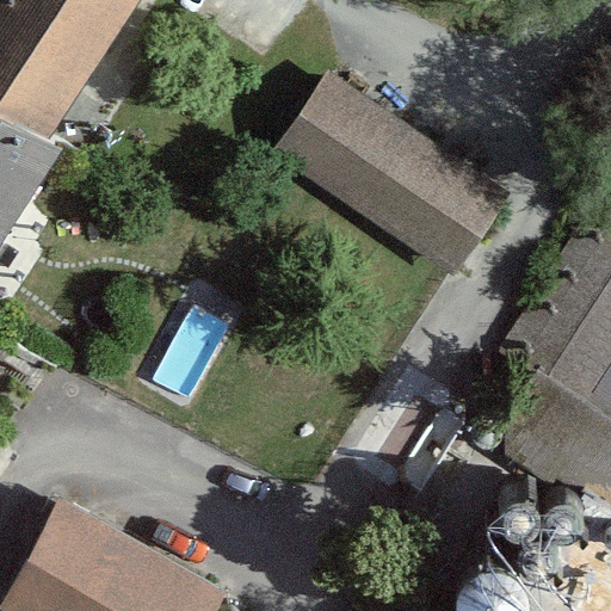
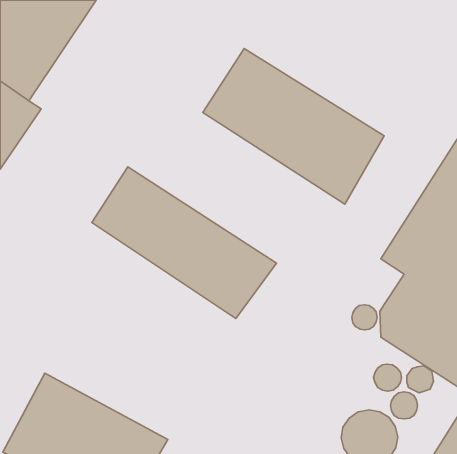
building: none -> [92,167,276,319]

